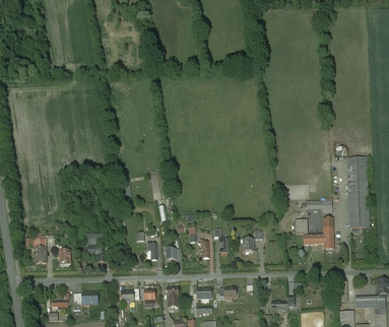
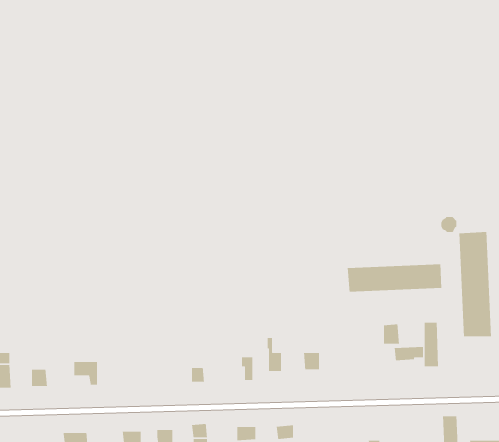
building: none -> [347,264,442,292]

